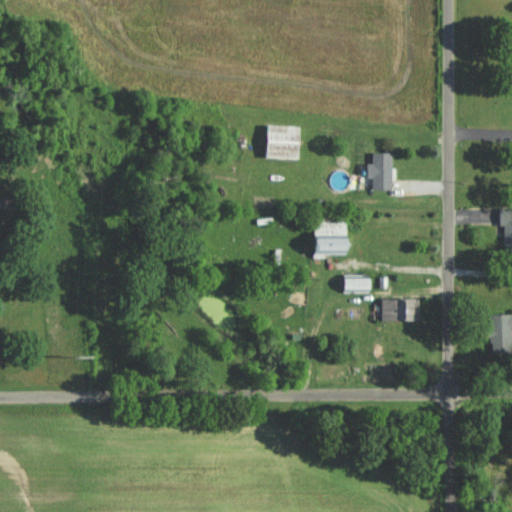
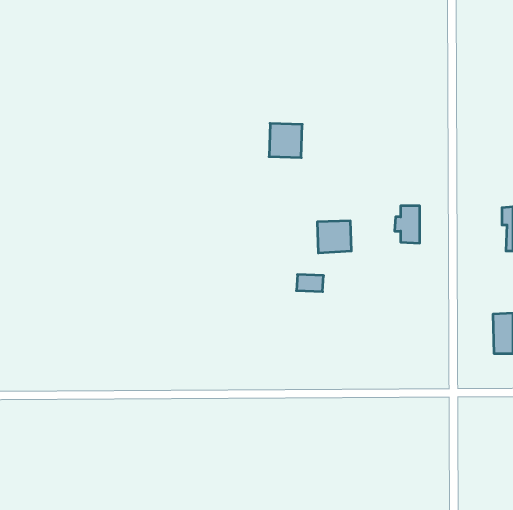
building: [367,154,392,191] -> [395,206,420,243]
building: [345,276,372,293] -> [296,275,324,292]
building: [382,299,418,322] -> none

